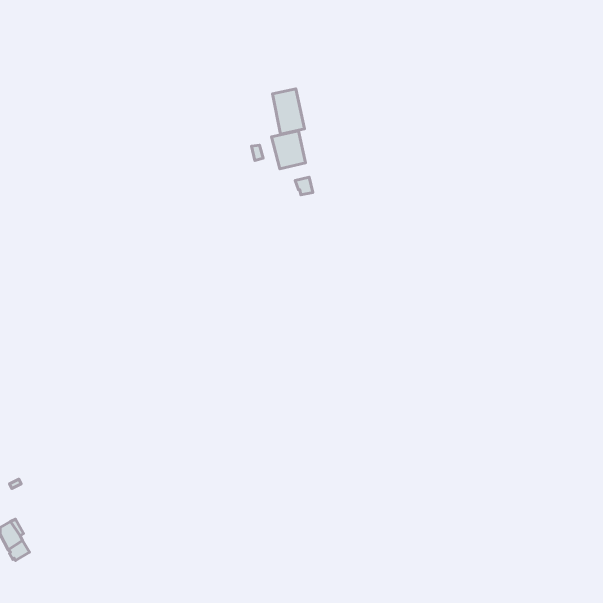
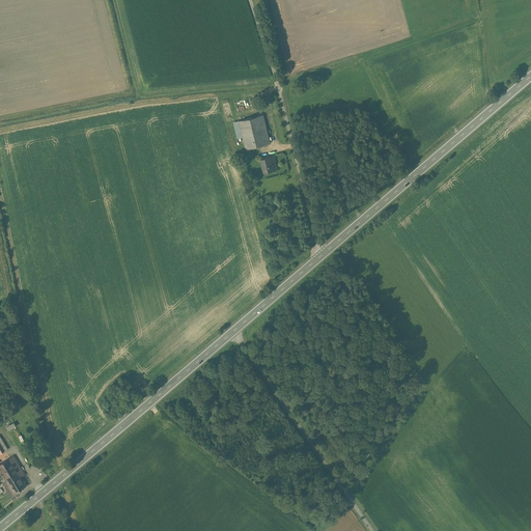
building: [273,89,305,134] -> none

